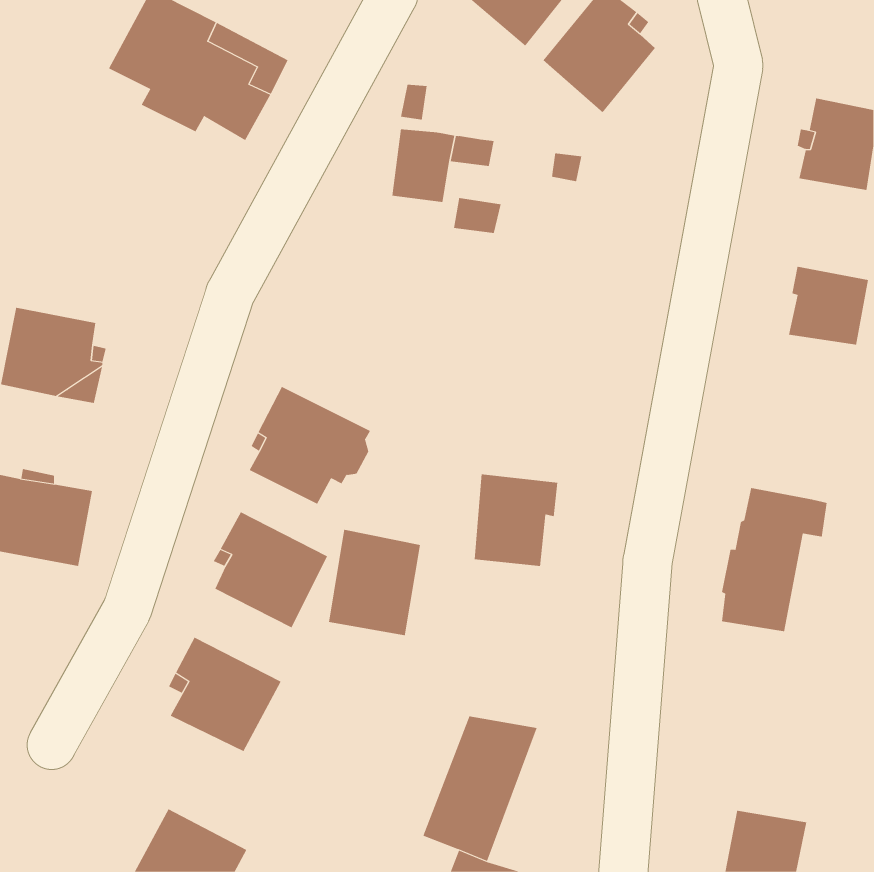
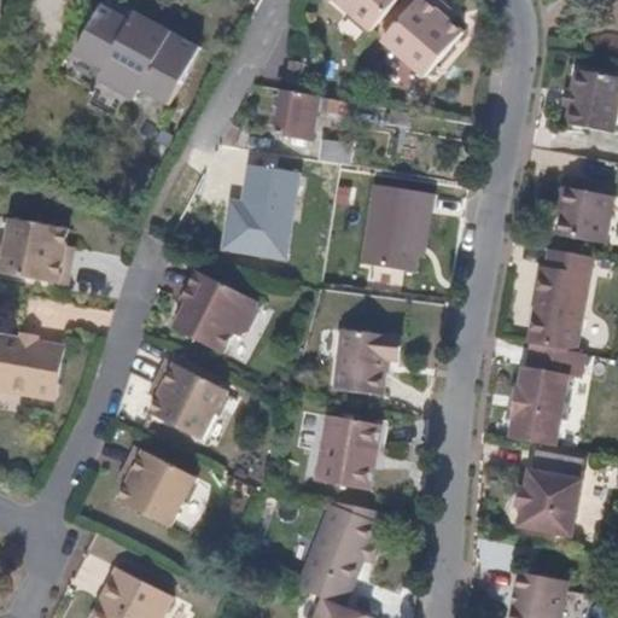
building: none -> [222,164,297,255]
building: none -> [360,183,437,270]
building: none -> [527,249,591,351]
building: [328,529,421,636] -> [315,419,380,494]
building: none -> [514,449,579,536]

